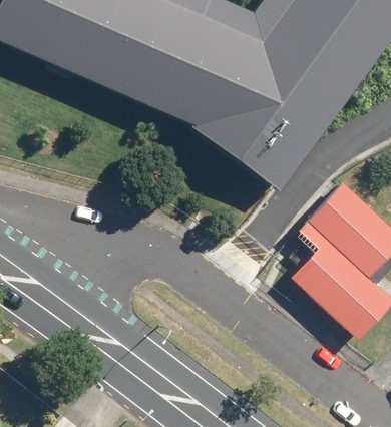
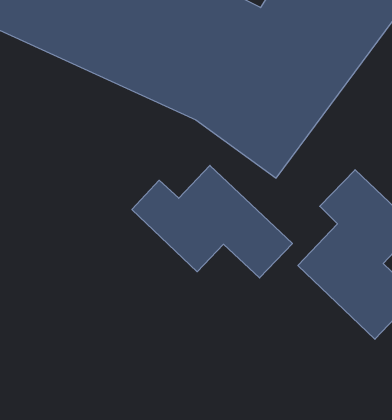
building: none -> [132,165,292,278]

